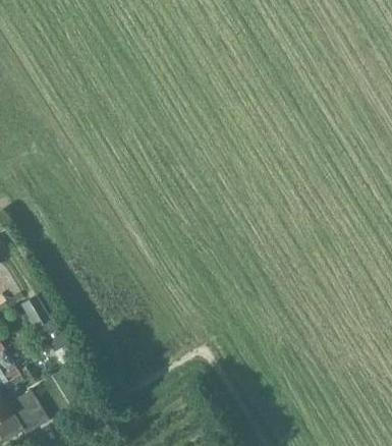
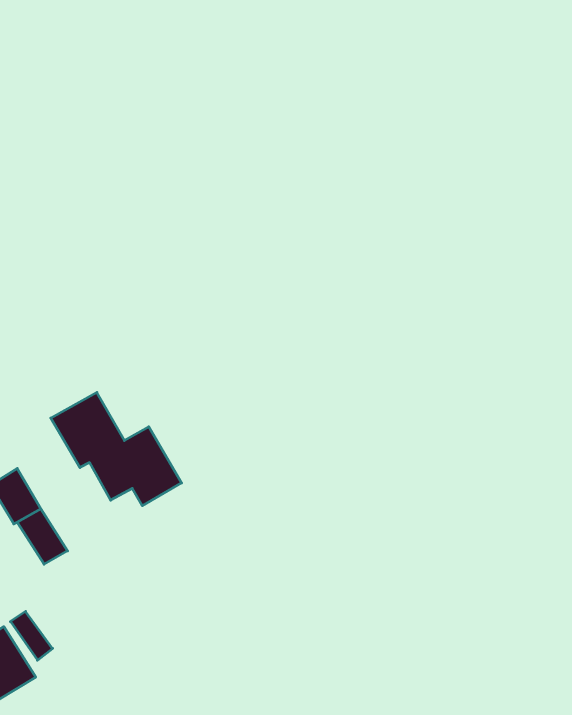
building: none -> [51,392,182,506]

